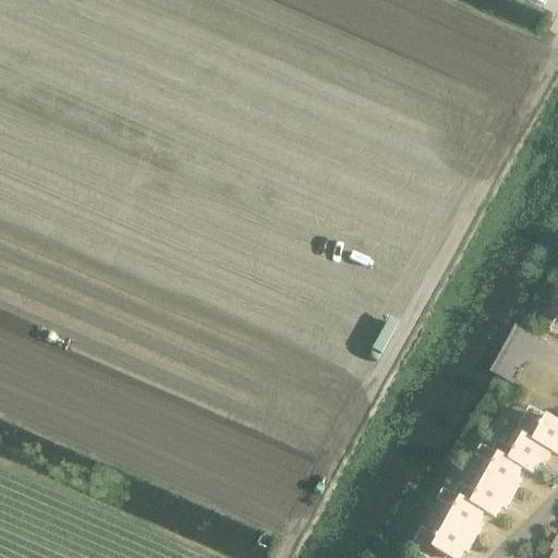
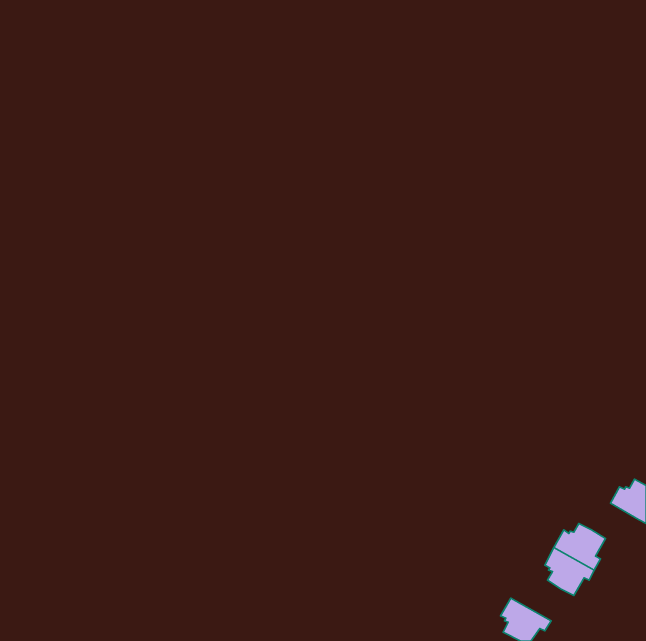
building: [508,428,550,470] -> none
building: [440,495,484,535] -> none

